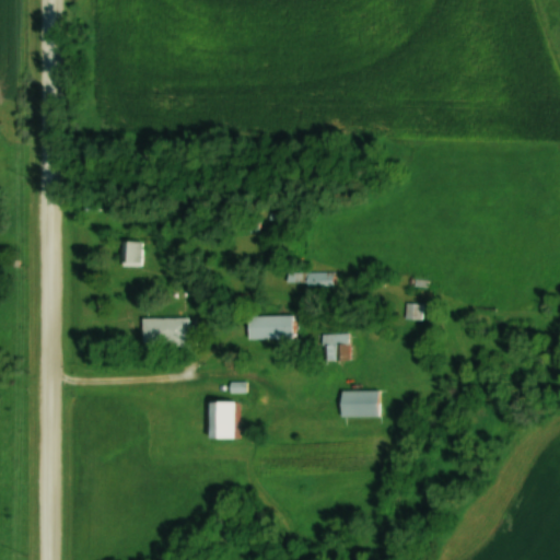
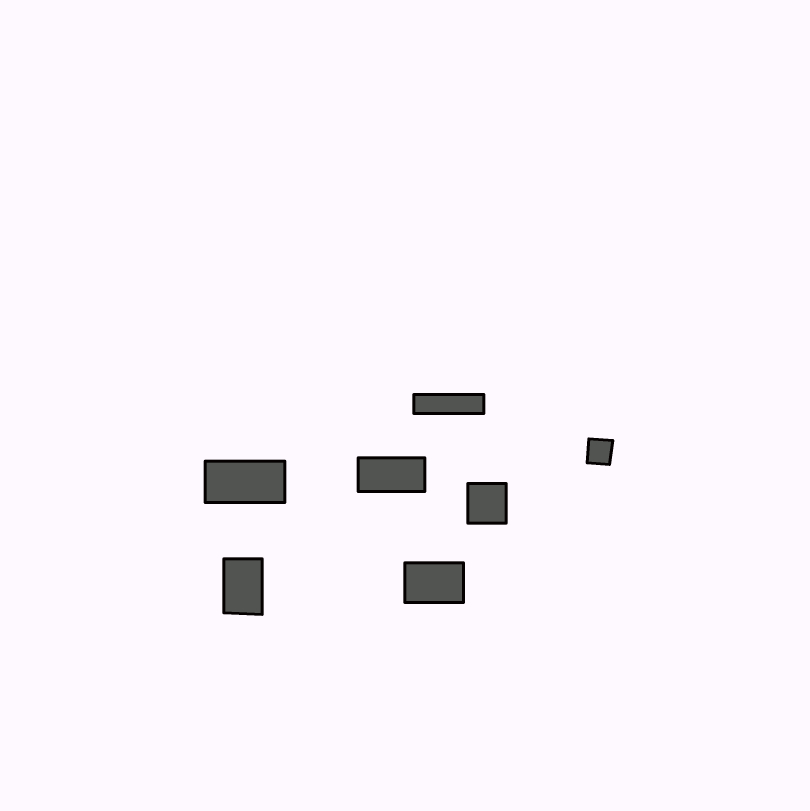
building: [124,242,143,265] -> none
building: [340,390,381,418] -> [405,563,464,603]
building: [208,401,234,440] -> [224,559,262,615]

